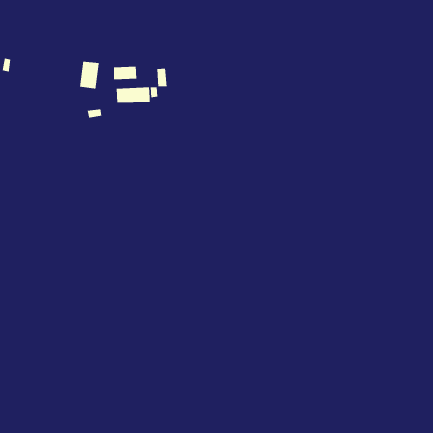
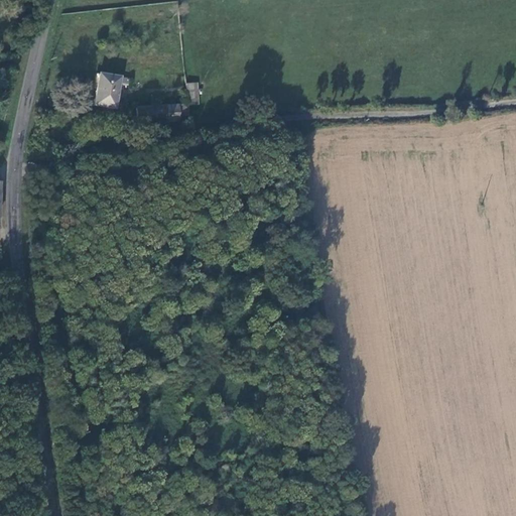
building: [113,66,137,80] -> none

